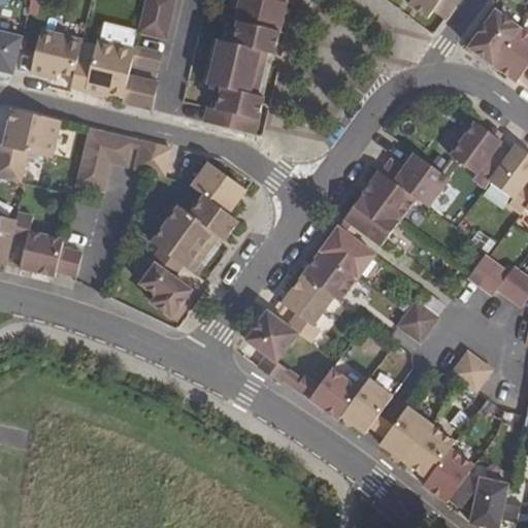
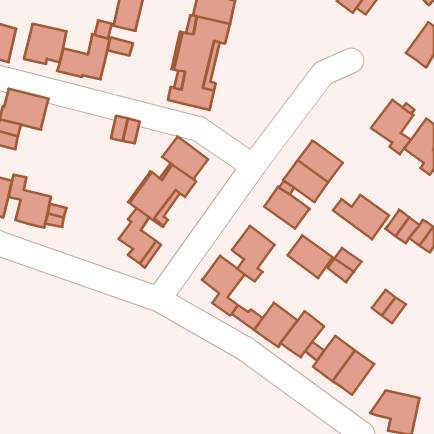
building: [463,6,518,64] -> none
building: [121,74,157,108] -> none
building: [75,128,132,190] -> none
building: [380,153,448,206] -> [333,195,389,239]
building: [302,250,357,301] -> [288,235,333,278]
building: [422,447,472,501] -> none

